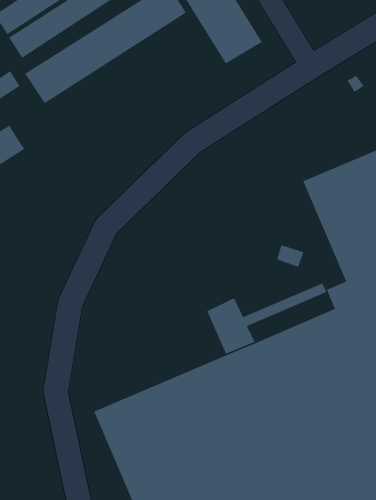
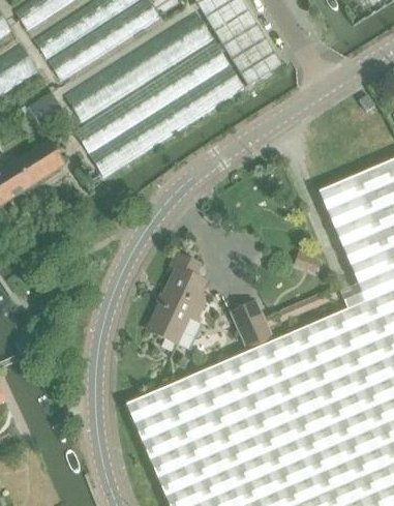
building: none -> [74,42,243,177]
building: none -> [152,254,208,345]

